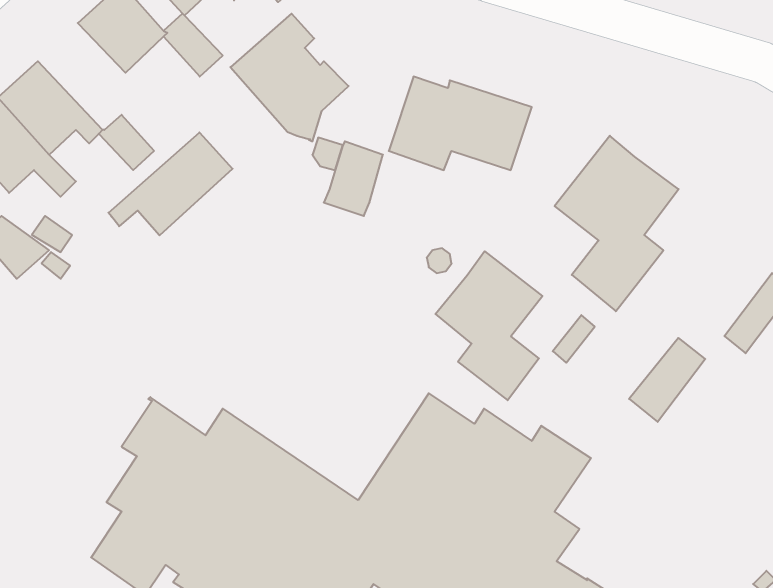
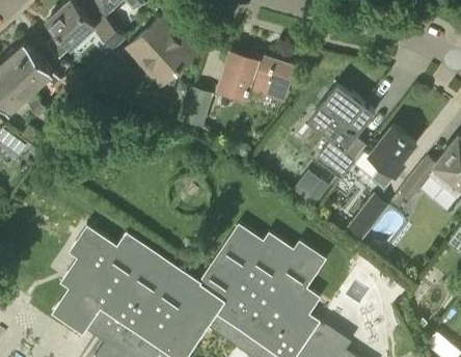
building: [108,132,233,235] -> none
building: none -> [368,128,414,190]
building: [435,251,542,400] -> none

